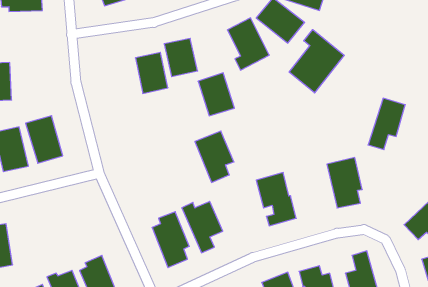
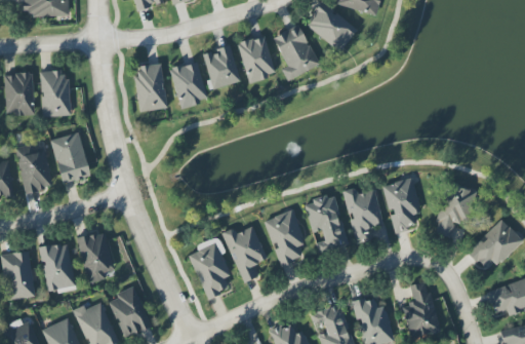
building: [289,30,344,93] -> none
building: none -> [134,63,168,112]
building: none -> [41,70,71,116]
building: [198,73,234,116] -> [237,35,277,82]
building: [368,98,405,150] -> [435,182,476,238]
building: [195,131,234,182] -> [264,209,307,266]
building: none -> [342,187,385,242]
building: none -> [77,231,116,284]
building: none -> [41,242,75,291]

